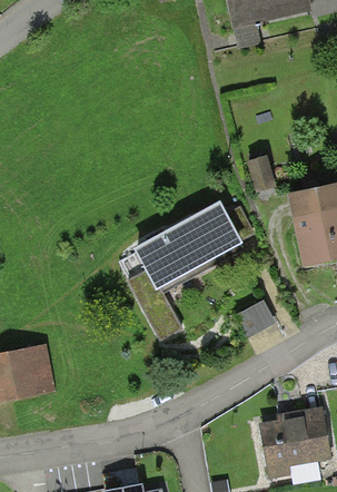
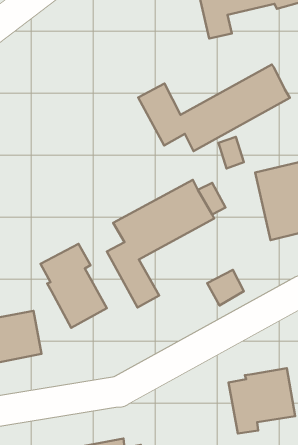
building: none -> [138,65,290,151]
building: none -> [41,244,107,328]

